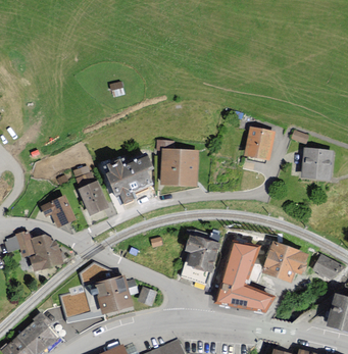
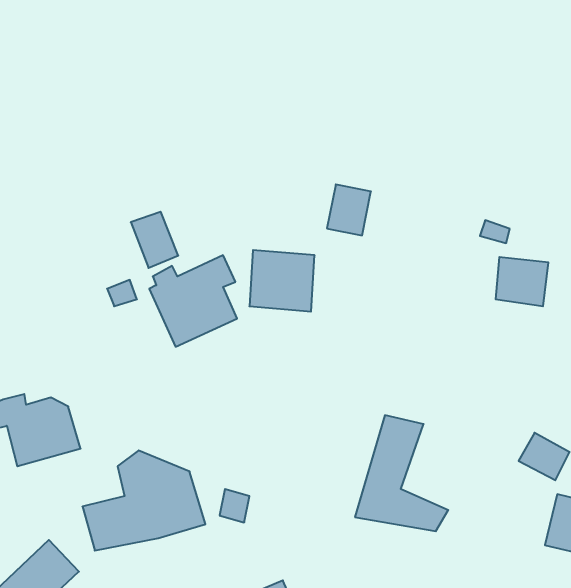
building: [244,130,269,159] -> [327,184,371,235]
building: [76,182,103,214] -> [131,212,178,268]
building: [37,195,70,225] -> none
building: [259,236,306,277] -> none
building: [184,240,218,287] -> none

